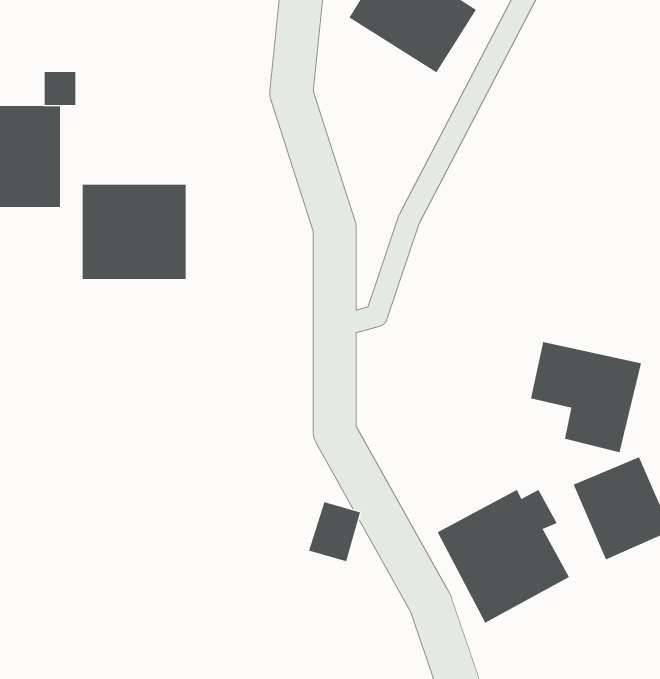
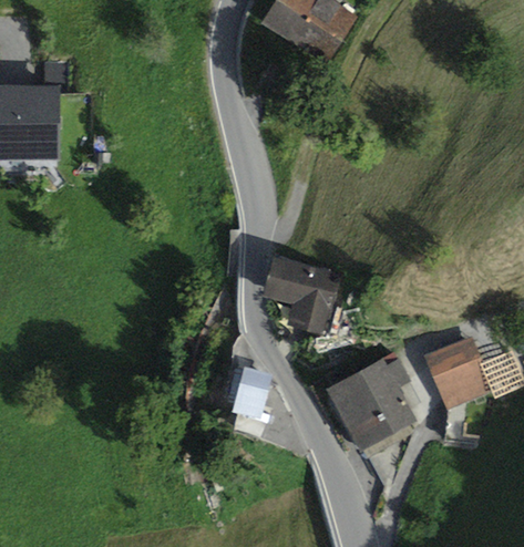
building: [82,184,186,280] -> none
building: [530,341,642,453] -> [263,256,342,336]

